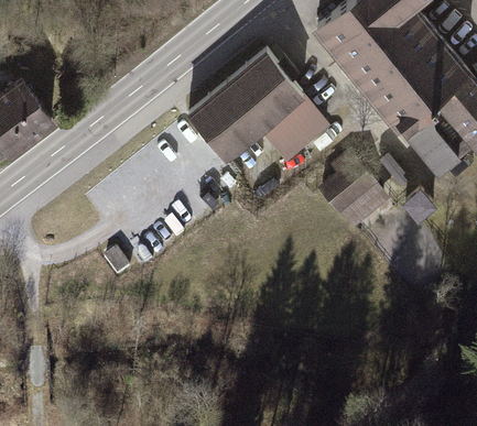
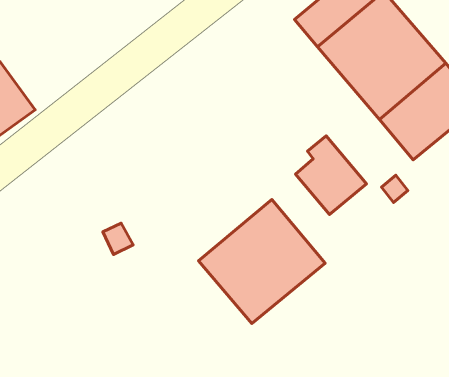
building: [187,54,326,161] -> none
building: none -> [198,199,325,323]

